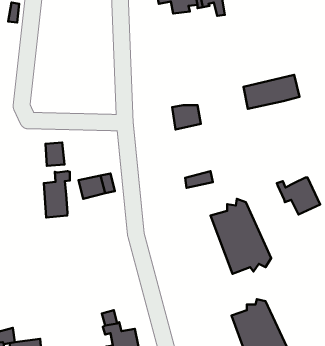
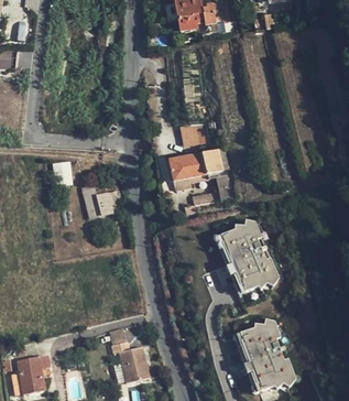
building: [244,75,300,109] -> [167,149,223,183]
building: [44,171,70,218] -> none
building: [277,178,320,214] -> none

